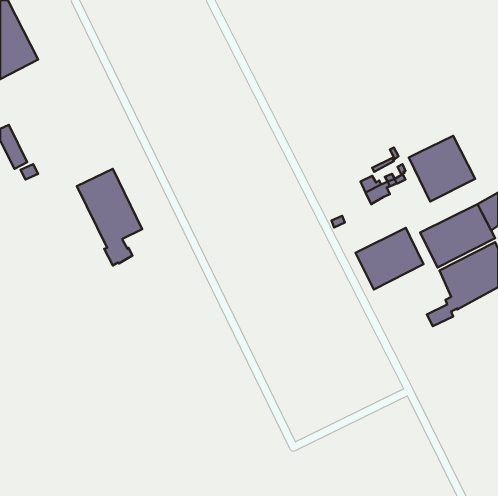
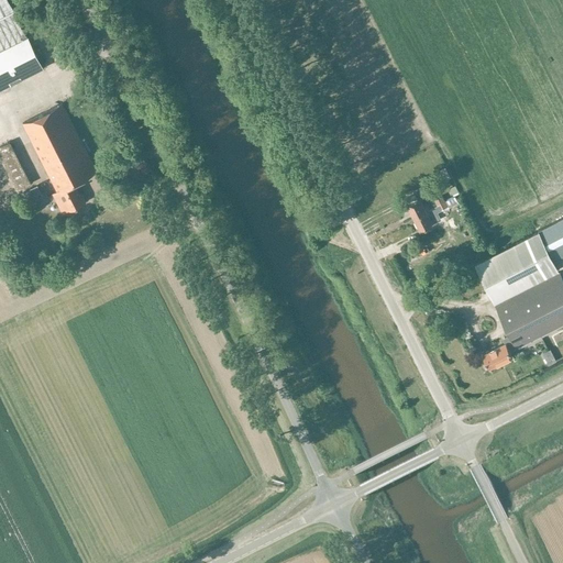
building: [409,136,475,202] -> none
building: [77,169,142,265] -> [22,107,96,216]
building: [355,228,423,290] -> none

